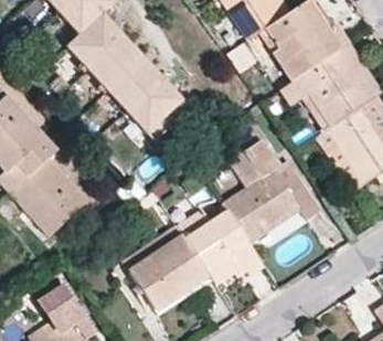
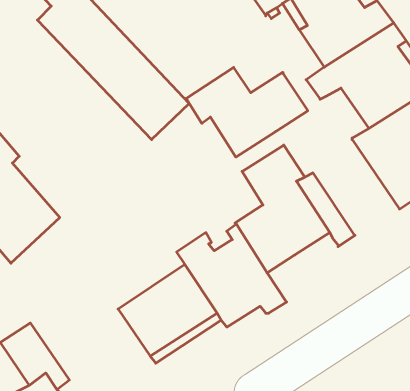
building: none -> [186,67,308,157]

